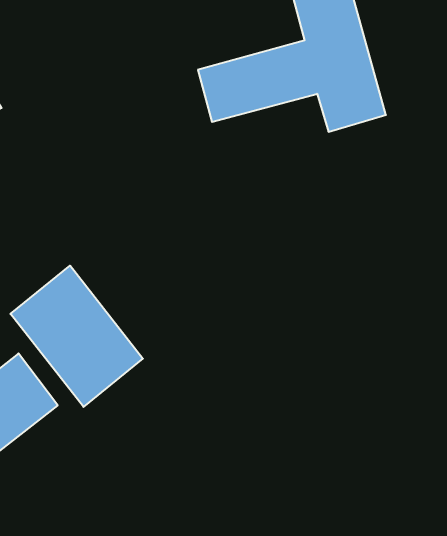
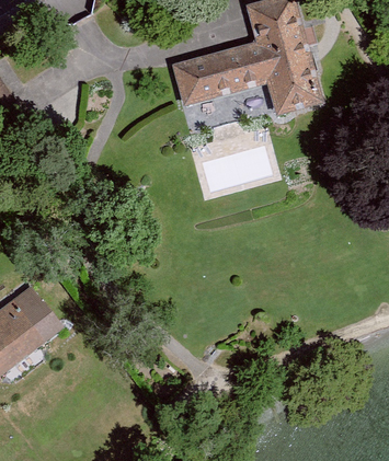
building: [10,266,143,407] -> none

